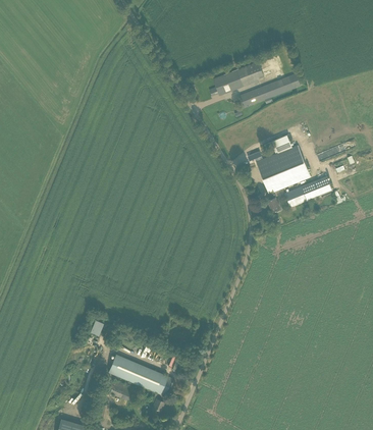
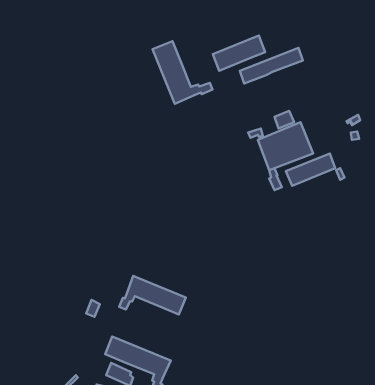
building: none -> [152,41,213,104]
building: none -> [119,276,186,314]

